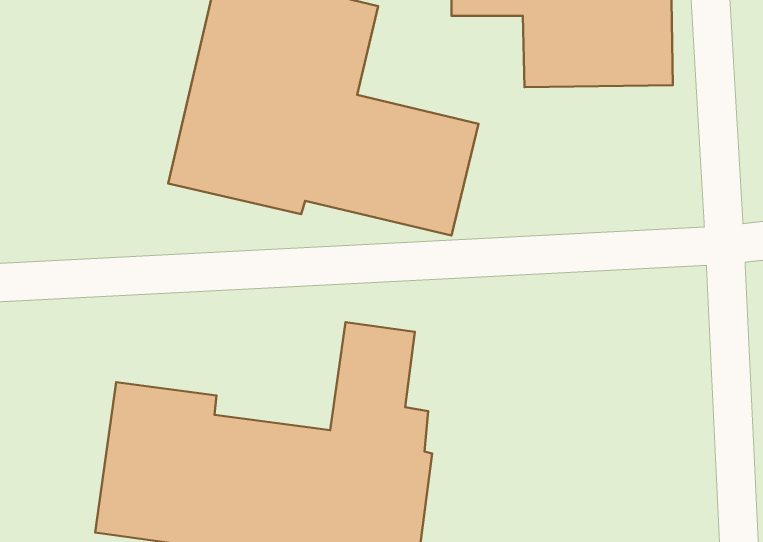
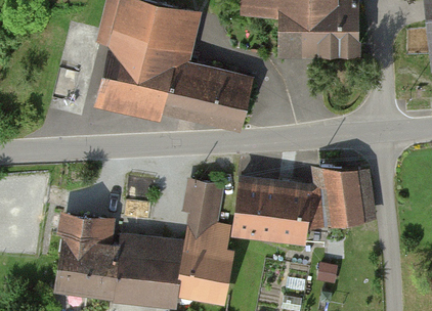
building: none -> [232,169,373,243]

